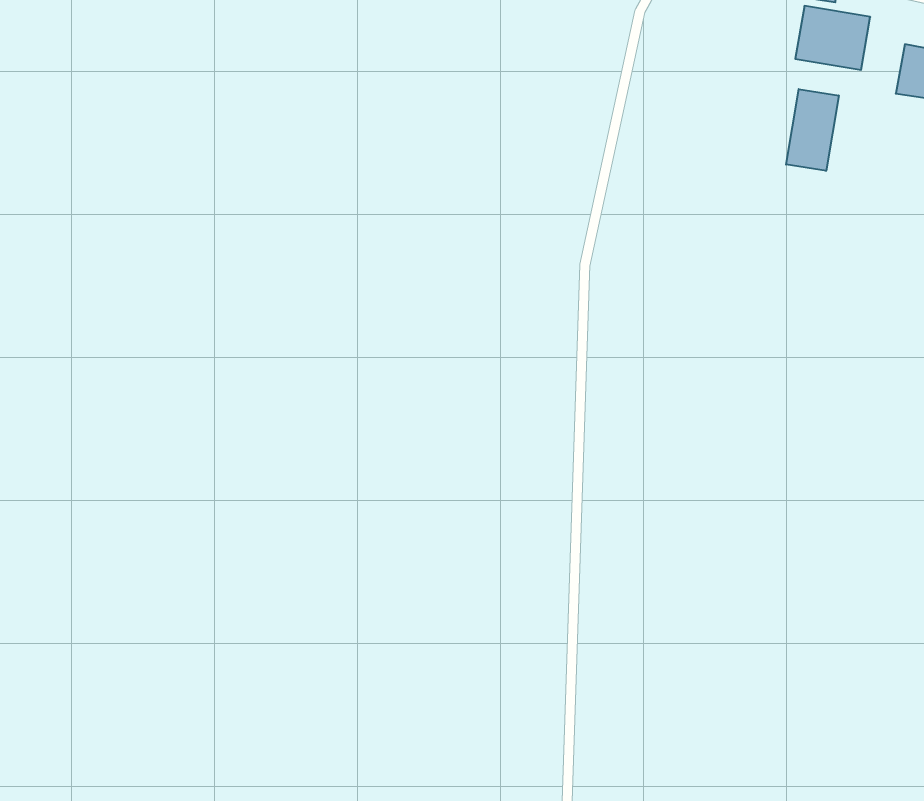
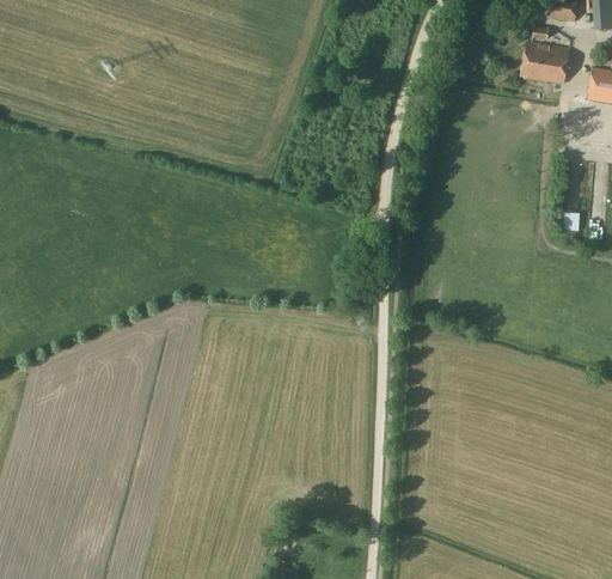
building: [786,89,839,171] -> none

